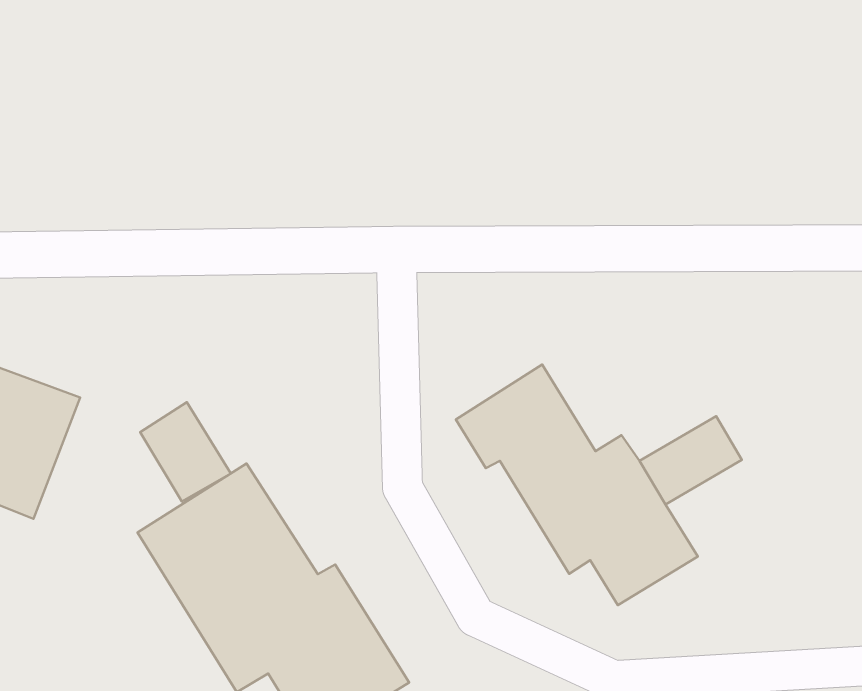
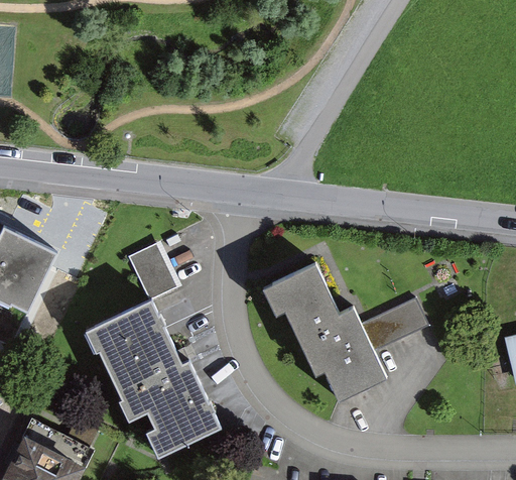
building: [140,402,231,502] -> [130,245,176,298]

